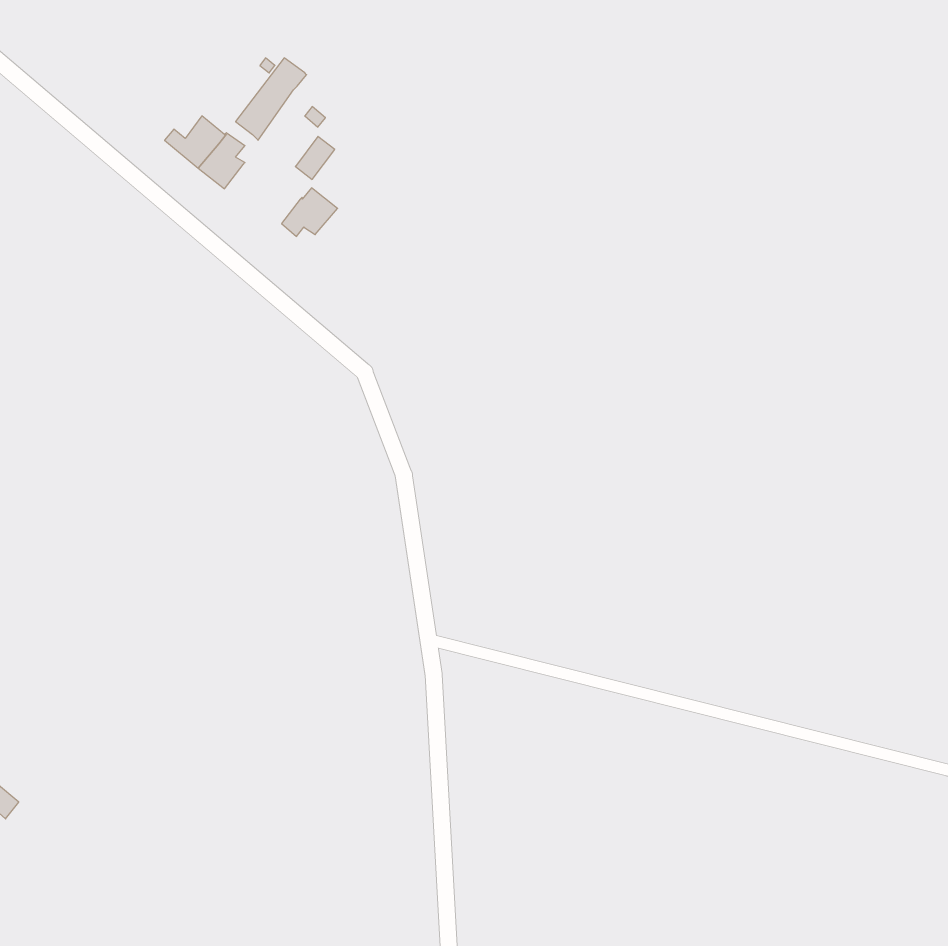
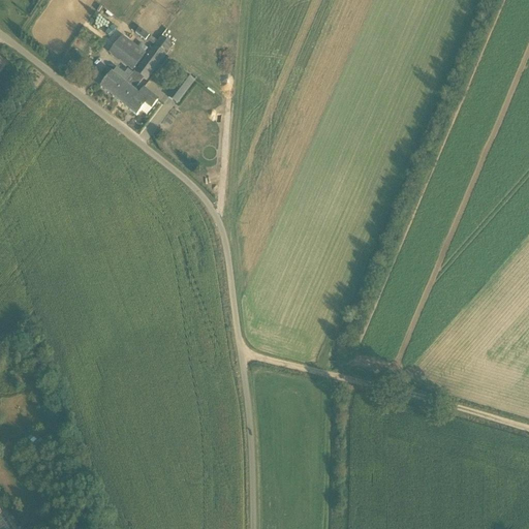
building: none -> [106,32,142,65]
building: [282,188,338,236] -> [124,85,155,112]

